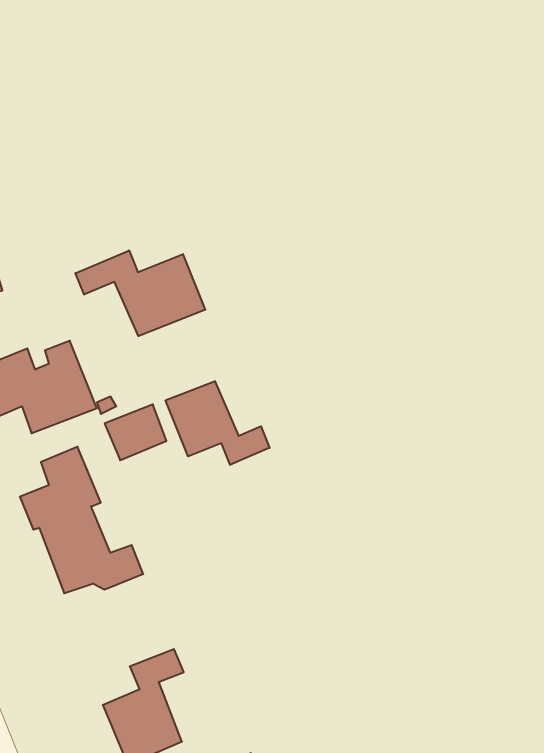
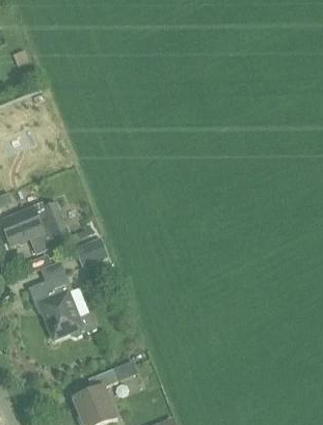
building: [75,250,205,336] -> none
building: [166,381,270,465] -> none

